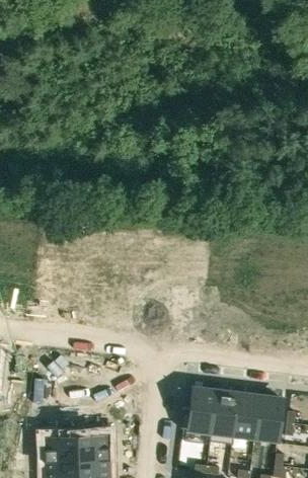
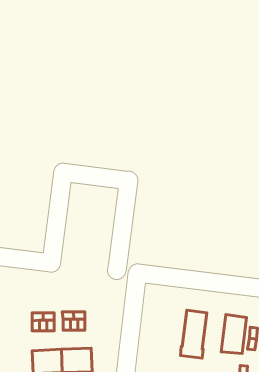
building: [181,388,217,431] -> none
building: [234,394,260,437] -> none

